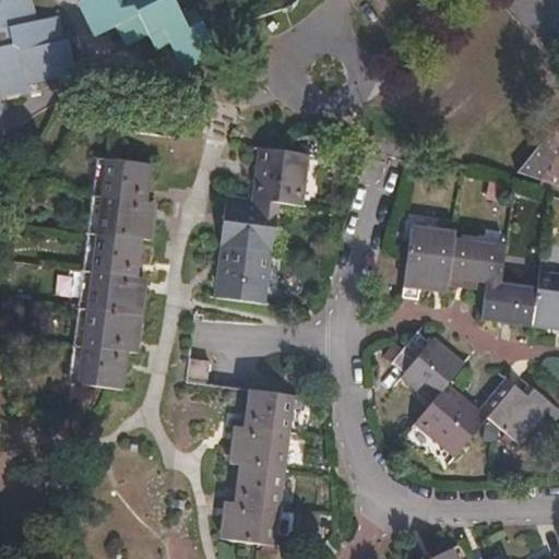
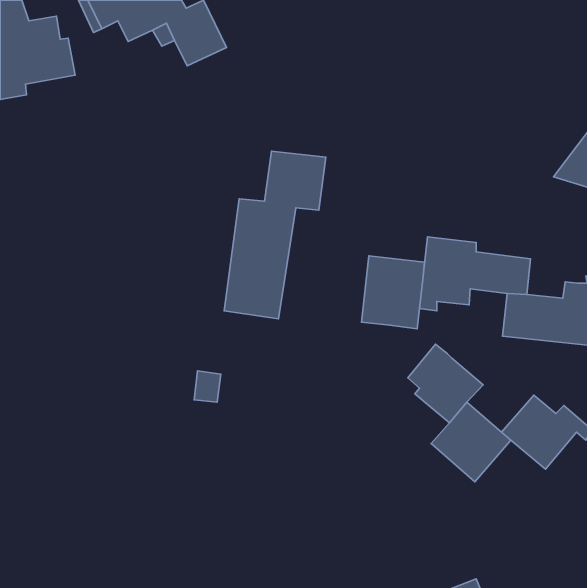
building: [75,154,158,388] -> none
building: none -> [361,256,425,329]
building: [217,385,295,546] -> none

